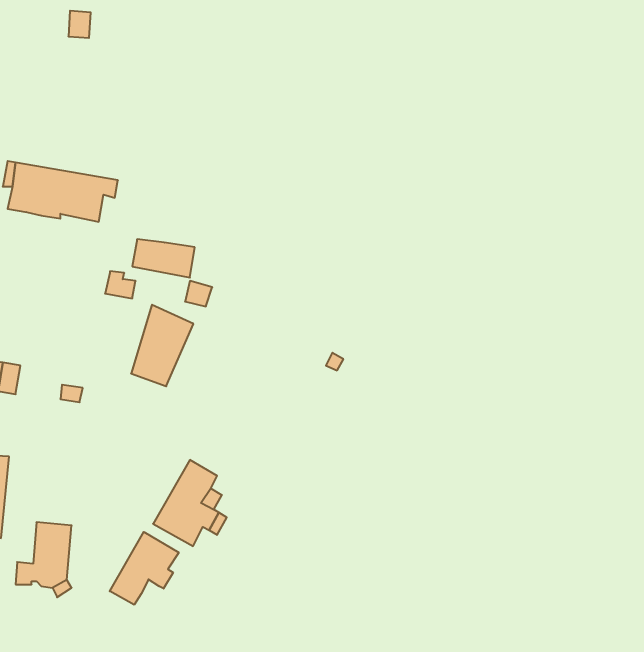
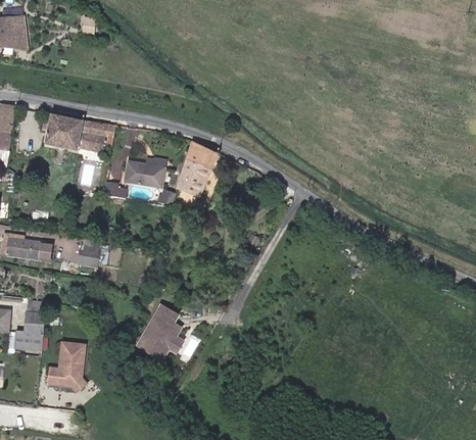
building: [131,305,193,386] -> [177,142,217,194]
building: [110,532,179,605] -> none

